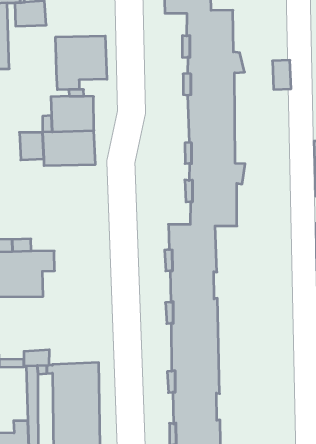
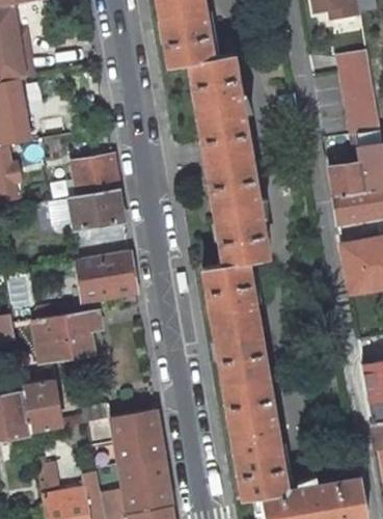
building: [56,36,107,90] -> none
building: none -> [77,249,136,300]

